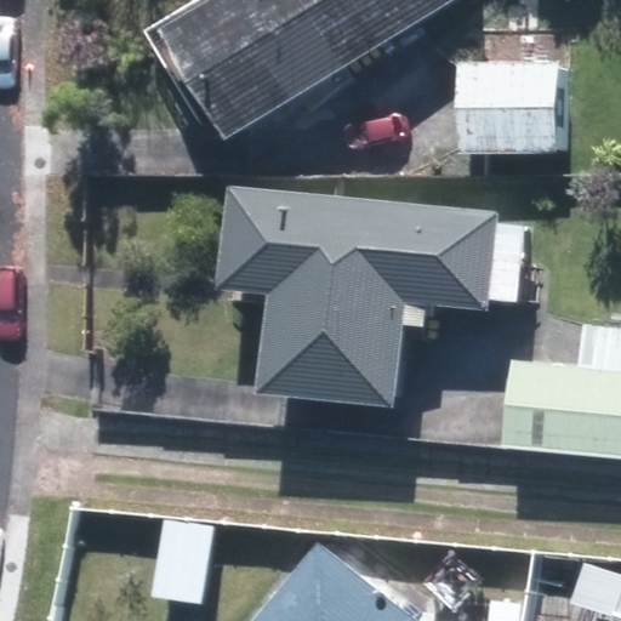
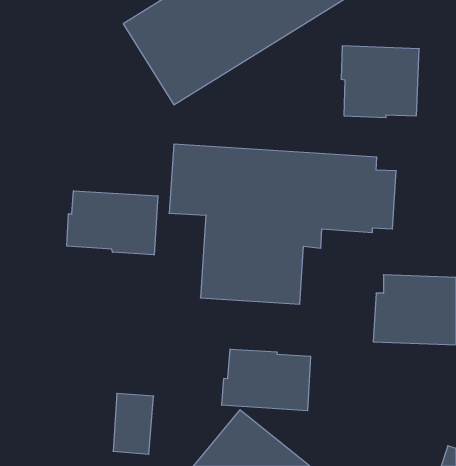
building: none -> [67,191,158,255]
building: none -> [222,349,311,411]

